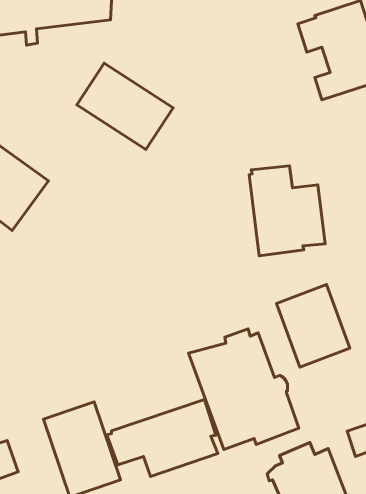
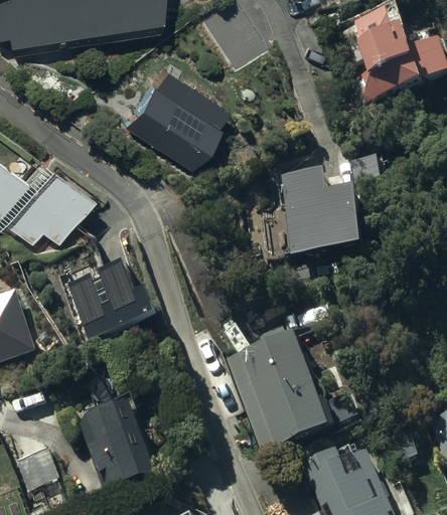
building: none -> [70,264,155,339]
building: [276,285,350,367] -> none
building: [107,399,218,477] -> none

